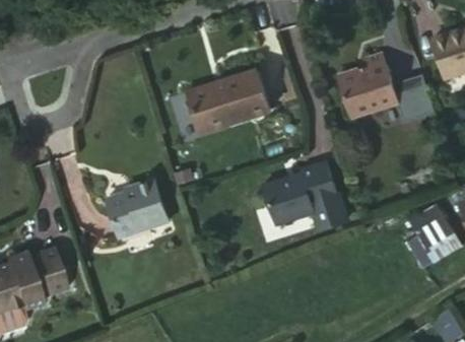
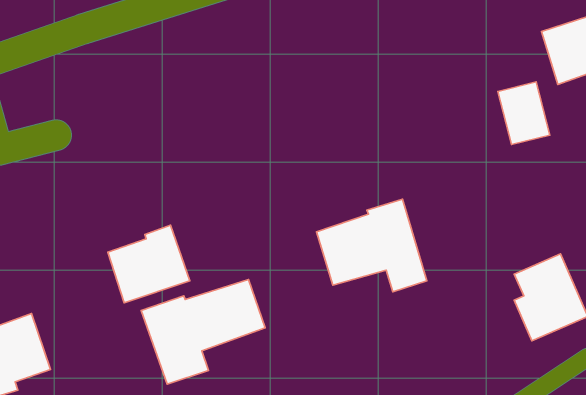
building: [337,54,398,117] -> none
building: [186,72,268,135] -> none
building: none -> [141,280,265,384]

